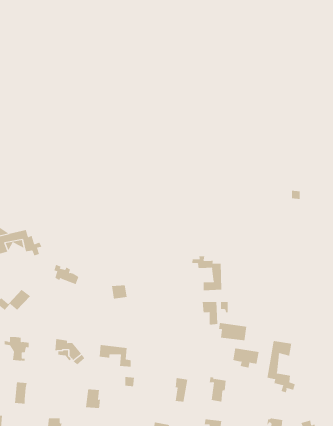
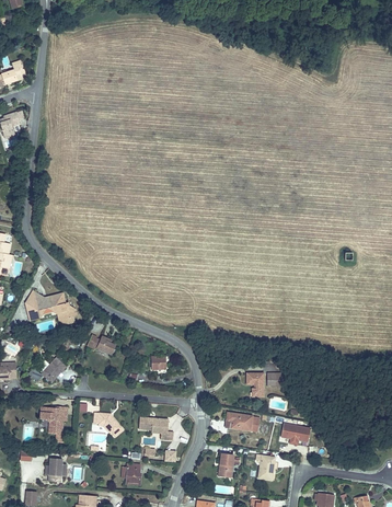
building: [192,256,222,291] -> none
building: [218,322,247,341] -> [230,412,261,431]
building: [267,340,295,393] -> none

